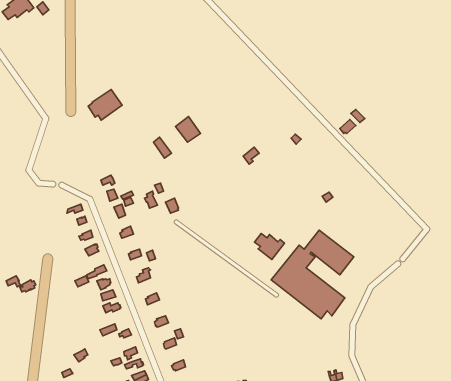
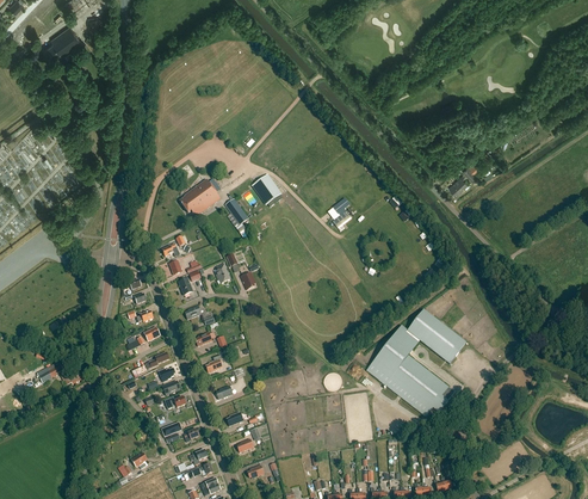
building: [88,89,122,120] -> [179,179,219,216]
building: [254,233,284,259] -> none

